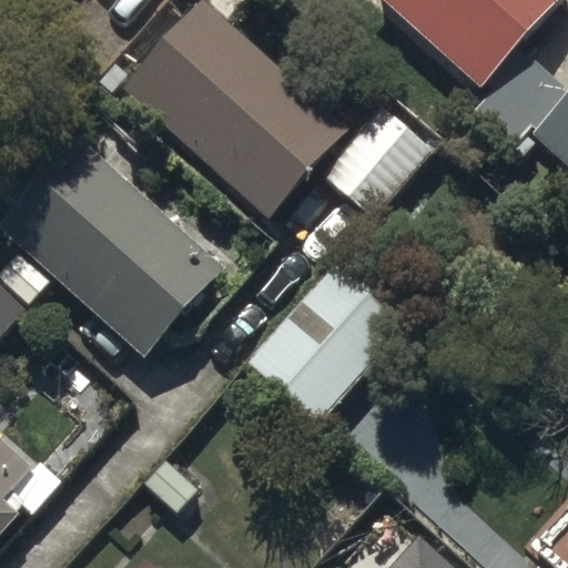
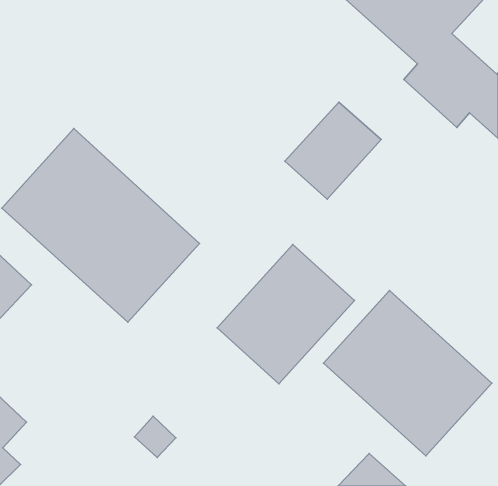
building: [125,8,346,223] -> none
building: none -> [324,291,492,456]

